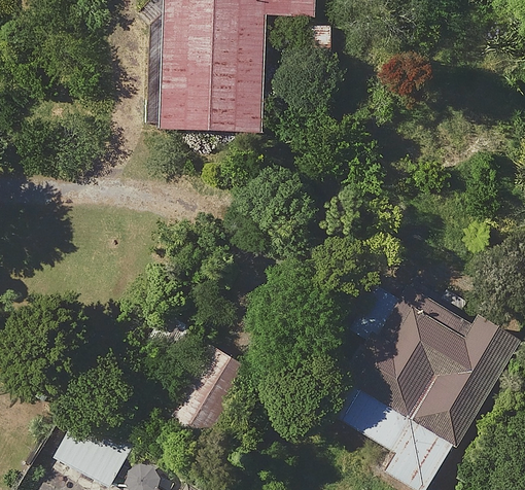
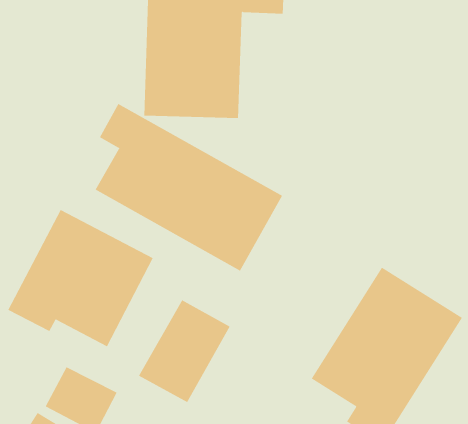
building: none -> [95,103,283,271]
building: none -> [8,209,154,347]

